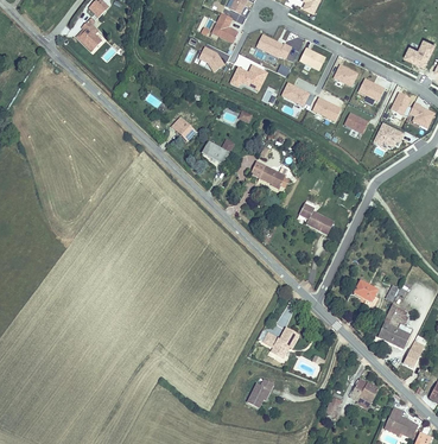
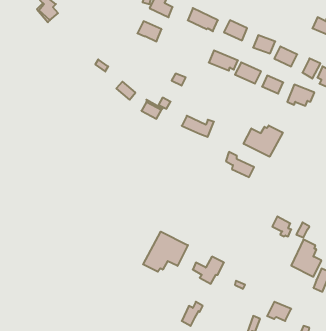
building: [229,65,268,93] -> none
building: none -> [244,125,283,157]
building: none -> [143,232,188,272]

